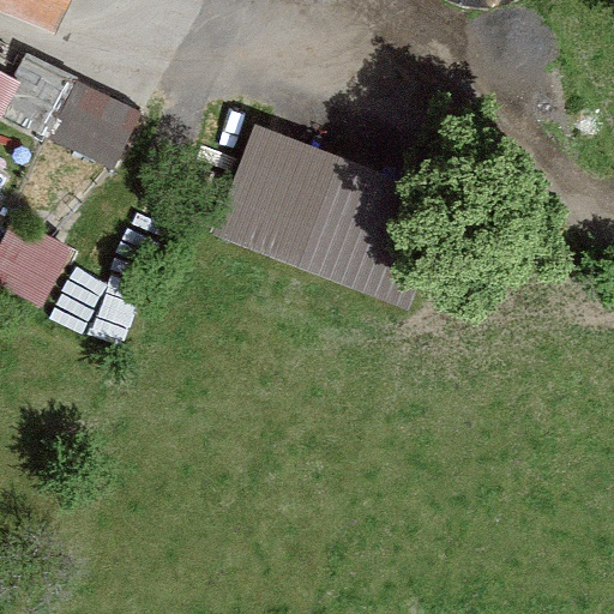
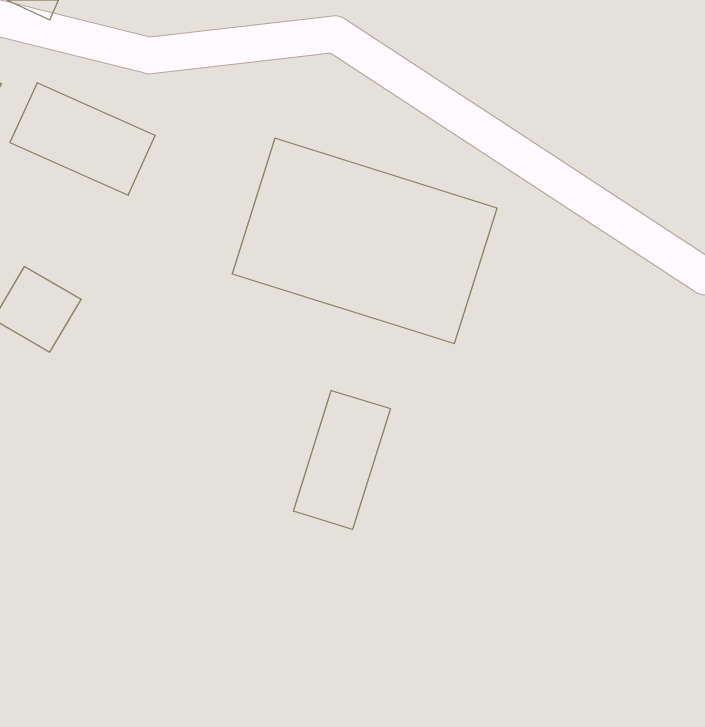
building: none -> [293,390,391,529]

